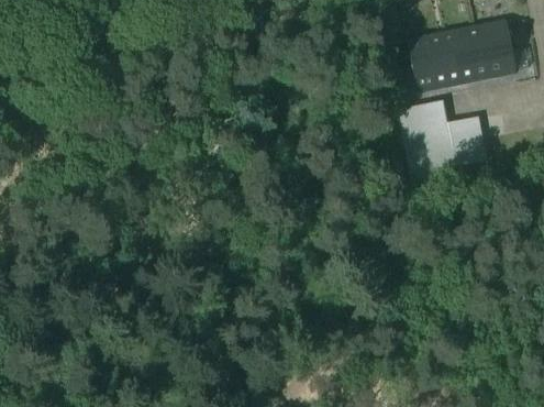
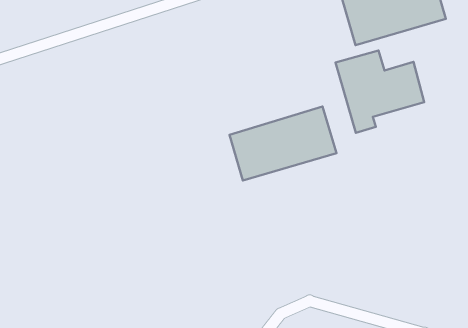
building: none -> [230,107,336,180]

